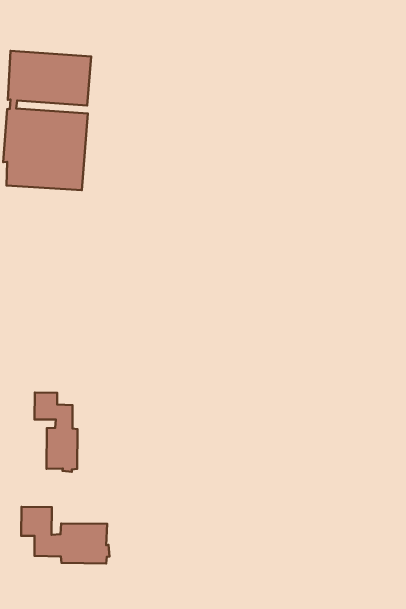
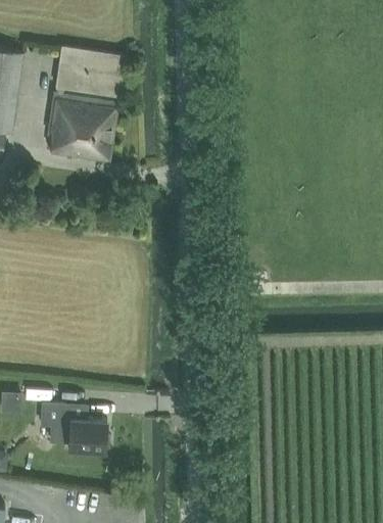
building: [34,393,78,472] -> none

